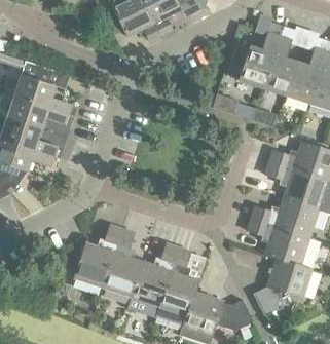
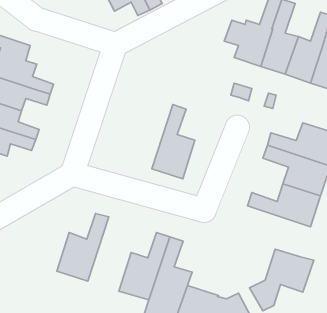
building: [247,217,309,264] -> none
building: [103,227,143,296] -> [152,105,195,179]

